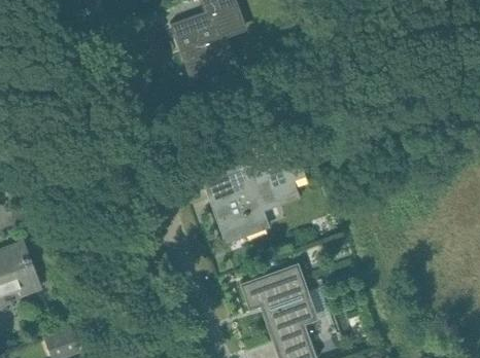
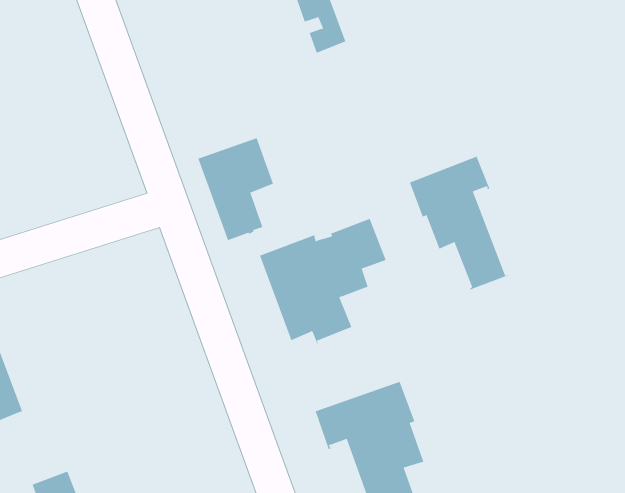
building: [170,8,222,79] -> [197,138,274,241]
building: none -> [409,156,509,290]

